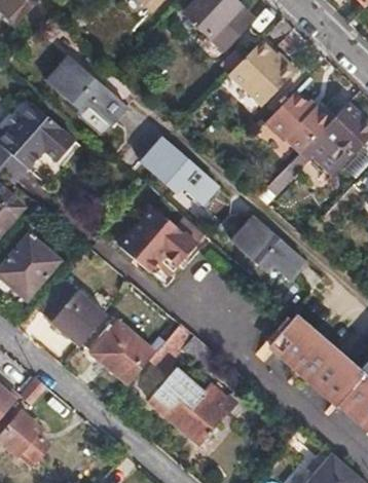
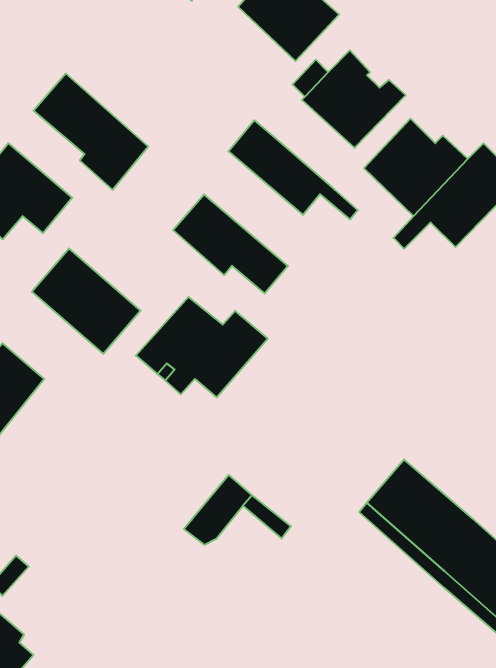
building: none -> [228,120,358,219]
building: [233,217,306,280] -> none
building: [34,275,106,345] -> [32,248,141,354]
building: [91,323,154,385] -> none
building: [148,370,236,444] -> none

